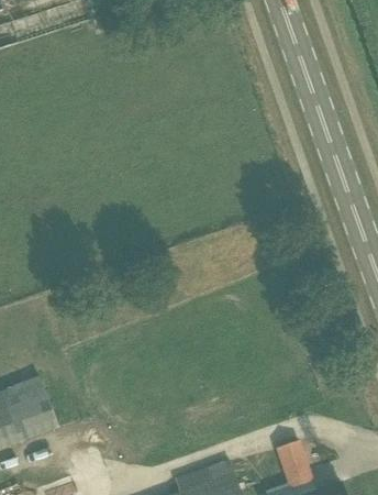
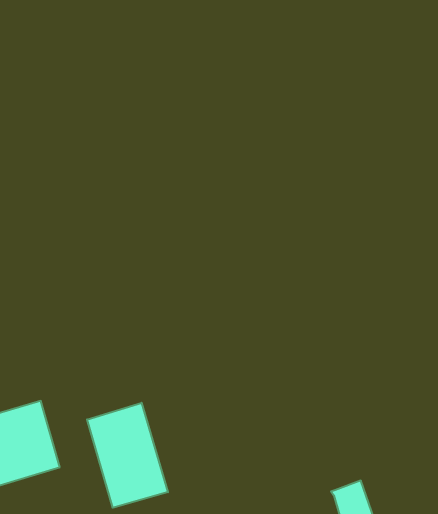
building: none -> [87,403,168,508]

